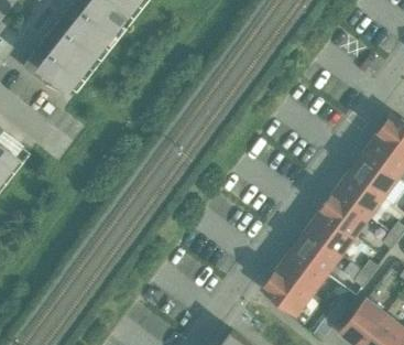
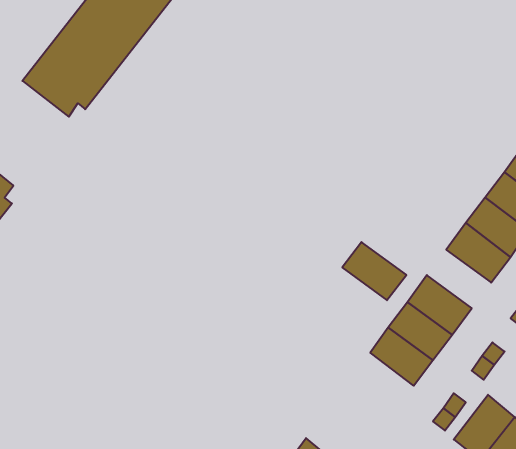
building: [320,193,368,236] -> [342,242,406,300]
building: [263,269,310,313] -> none

